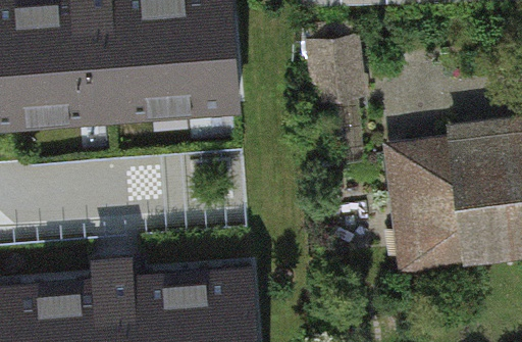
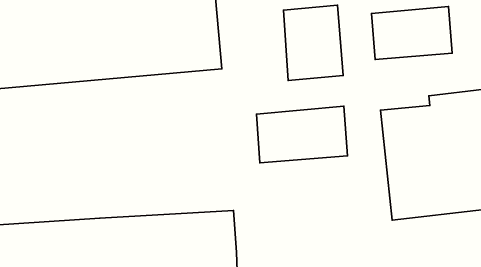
building: none -> [372,6,452,60]
building: none -> [256,106,348,163]

